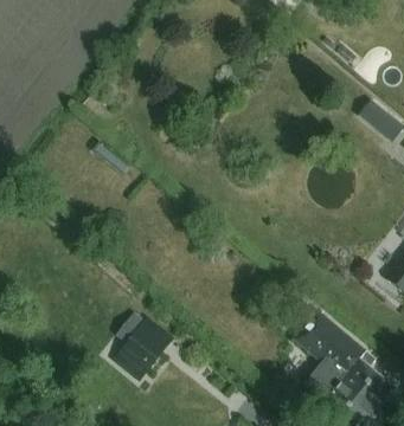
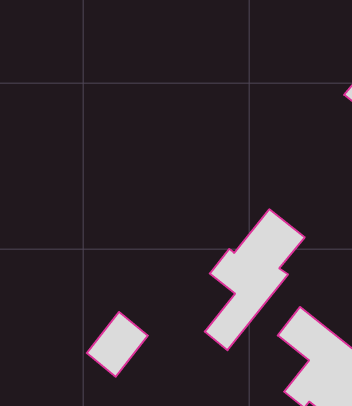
building: none -> [205,209,305,350]

